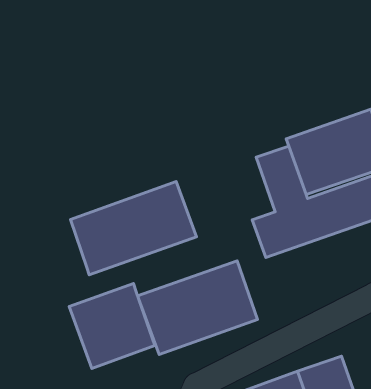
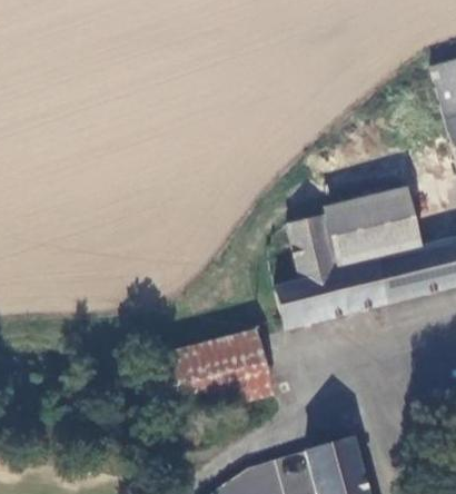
building: [71,181,197,275] -> none
building: [69,284,155,369] -> none

